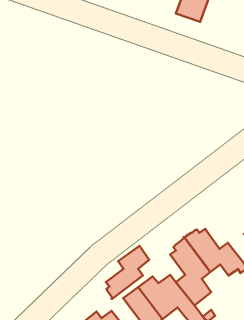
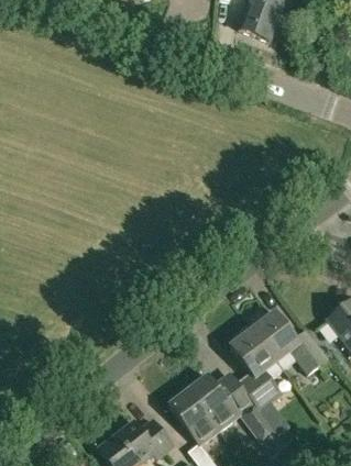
building: [106,246,149,299] -> none

